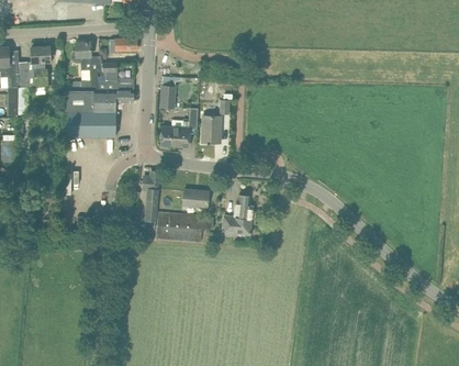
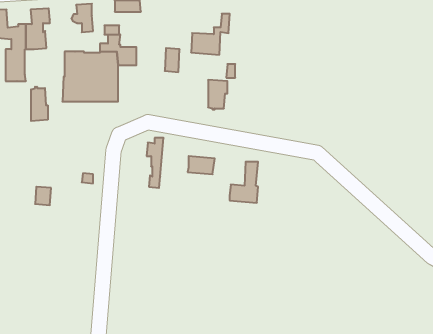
building: [160,107,198,146] -> [191,14,230,55]
building: none -> [31,87,48,121]
building: [156,211,212,241] -> none

